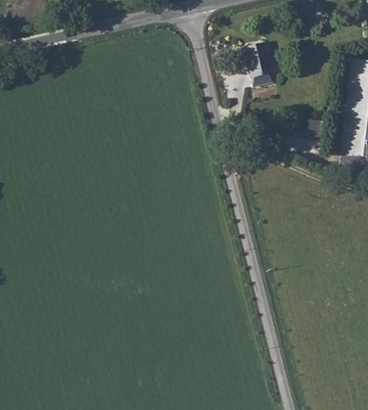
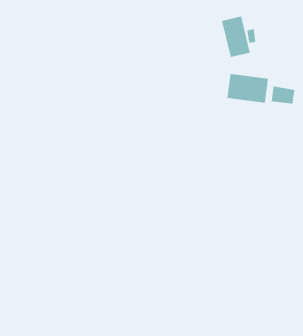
building: none -> [227,73,268,104]

